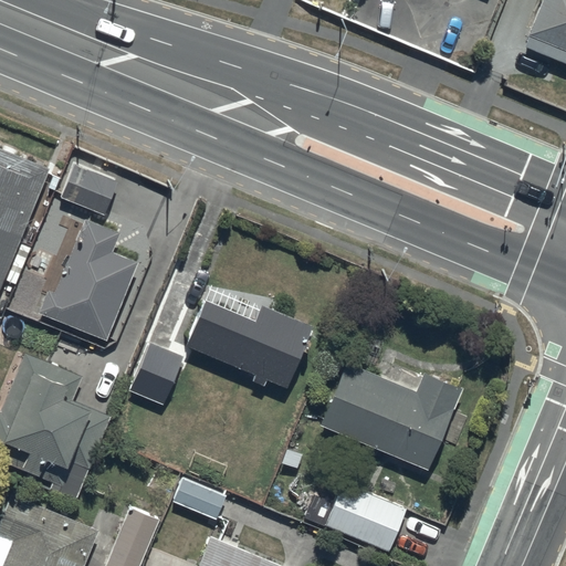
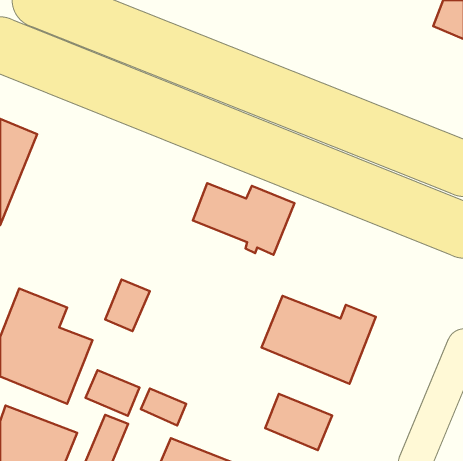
building: [62,165,116,216] -> none
building: [39,220,136,339] -> none
building: [187,302,311,389] -> [193,183,294,255]
building: none -> [85,370,140,416]

